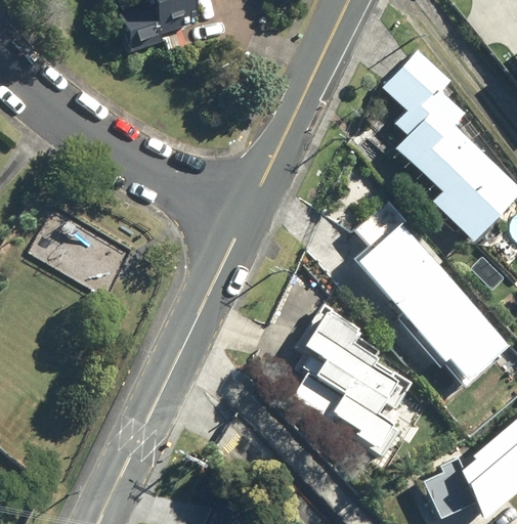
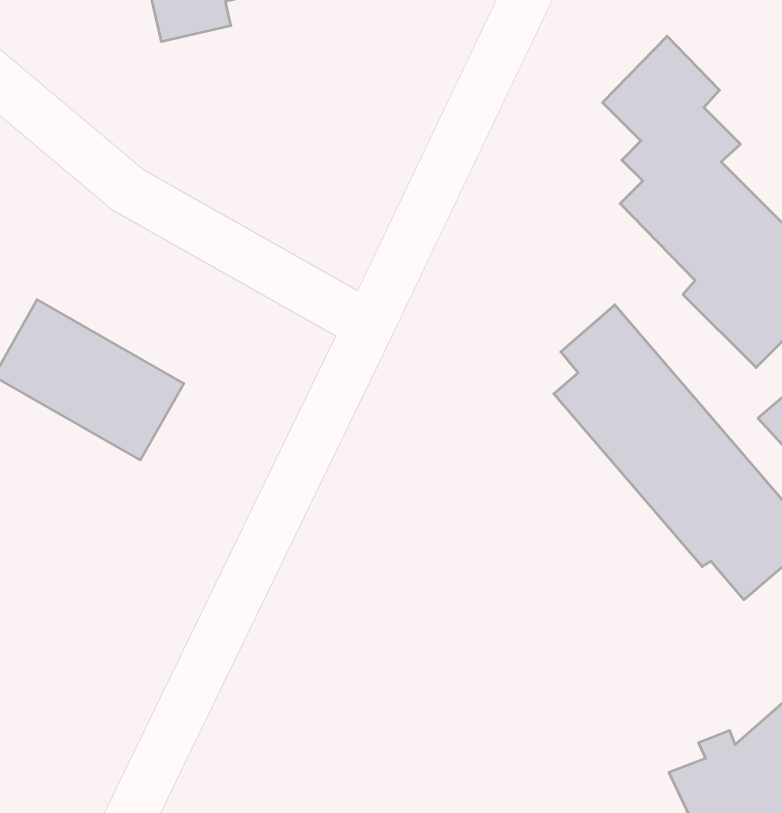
building: [290,304,414,456] -> none

